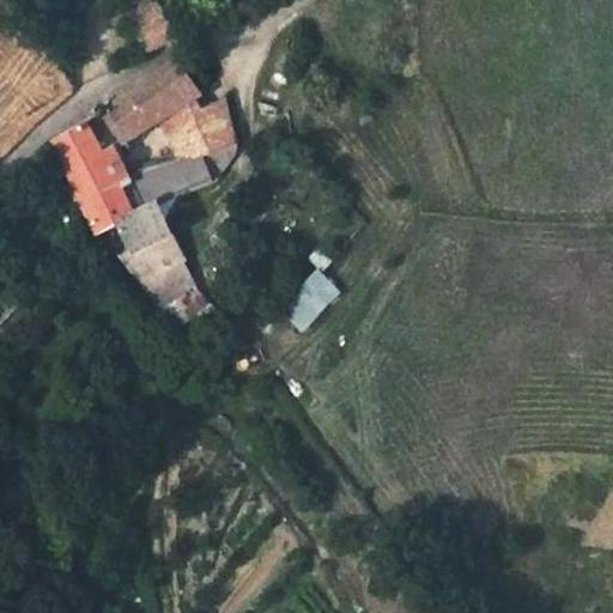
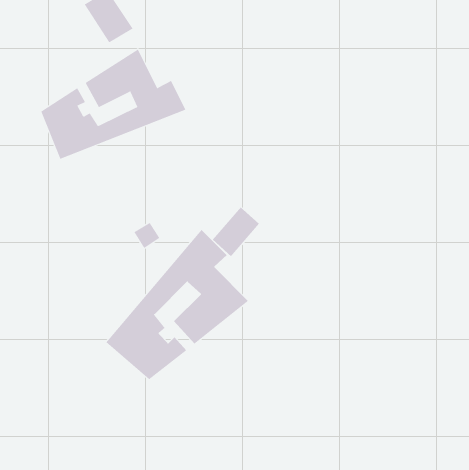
building: [78,142,249,291] -> none
building: none -> [105,229,249,380]

